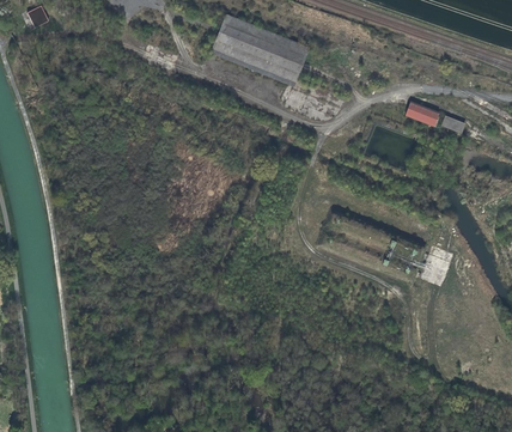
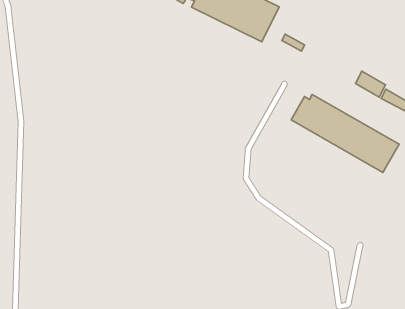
building: none -> [291,95,399,173]

